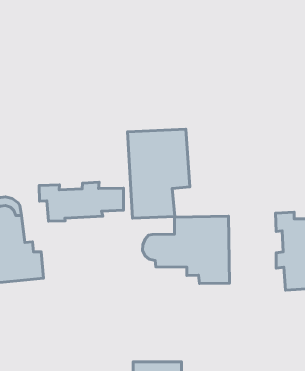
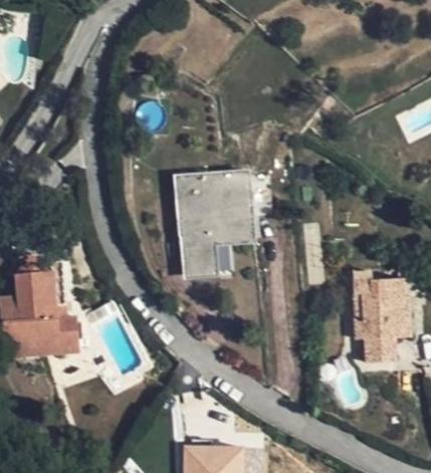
building: [39,182,124,221] -> none
building: [143,216,229,284] -> none

